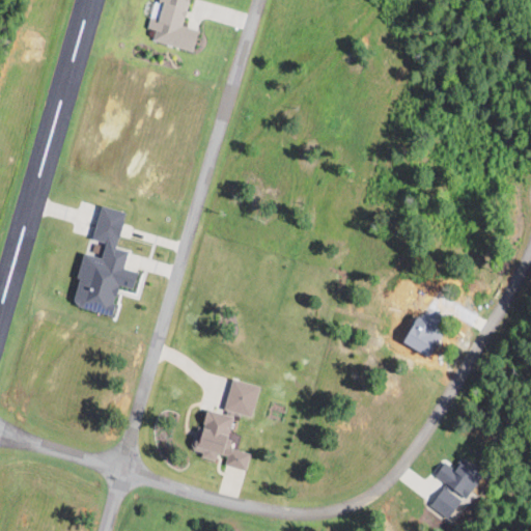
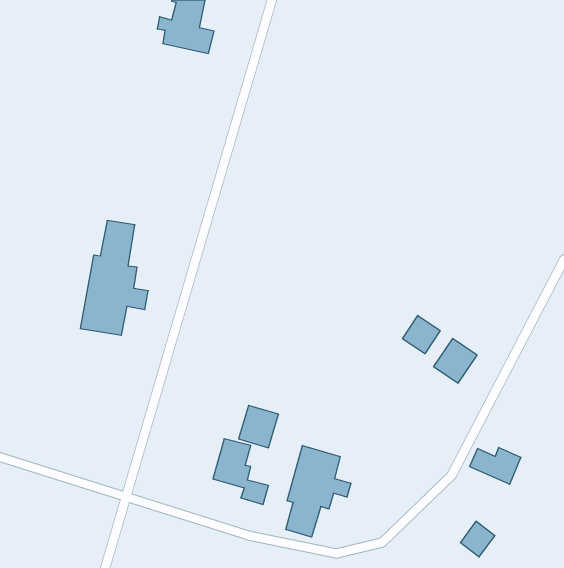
building: none -> [403,315,440,354]
building: none -> [286,445,351,537]
building: [434,462,481,496] -> [470,447,521,484]

